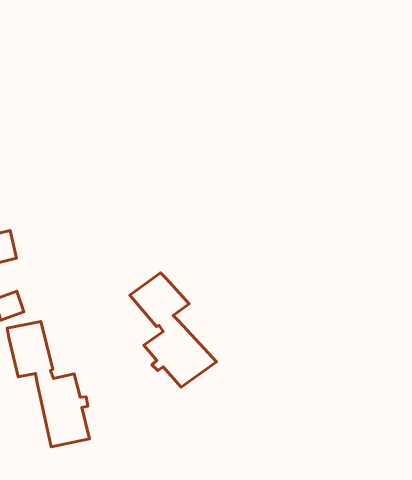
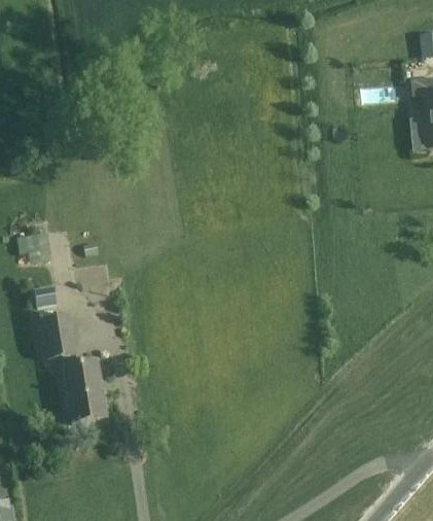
building: [130,273,217,387] -> none

